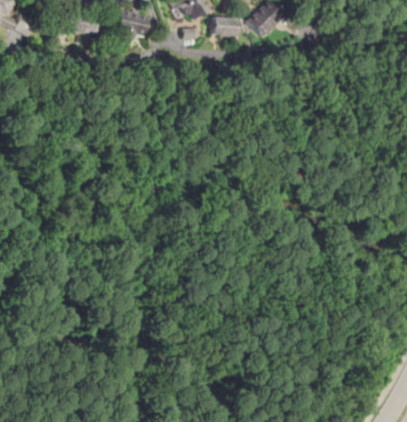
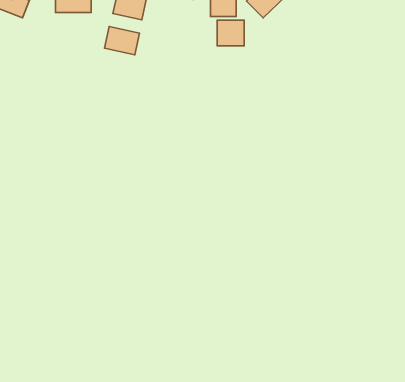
building: none -> [217,20,244,46]
building: none -> [105,27,139,55]

